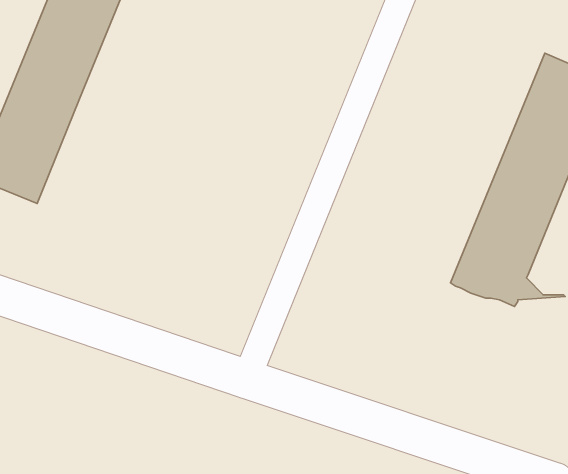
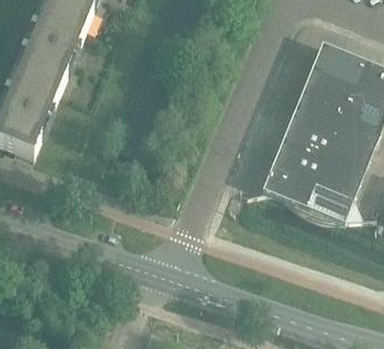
building: none -> [247,42,363,207]

